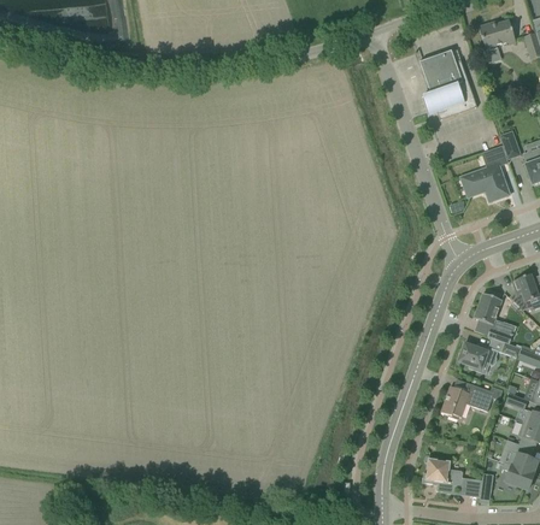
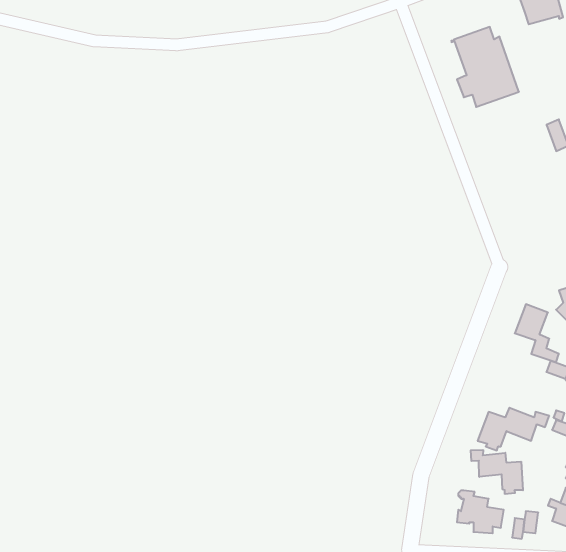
building: [460,147,509,201] -> none
building: [458,343,498,372] -> none
building: none -> [471,450,523,494]

